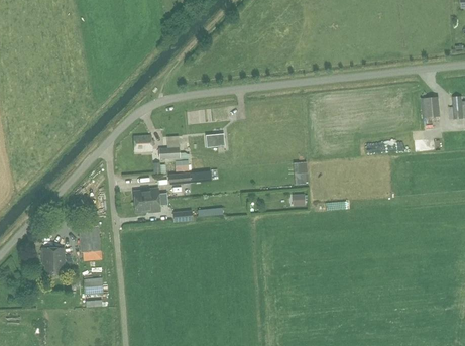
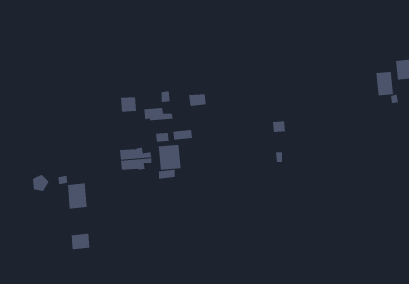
building: none -> [376,71,394,96]
building: none -> [158,144,181,171]
building: [42,249,64,276] -> none

